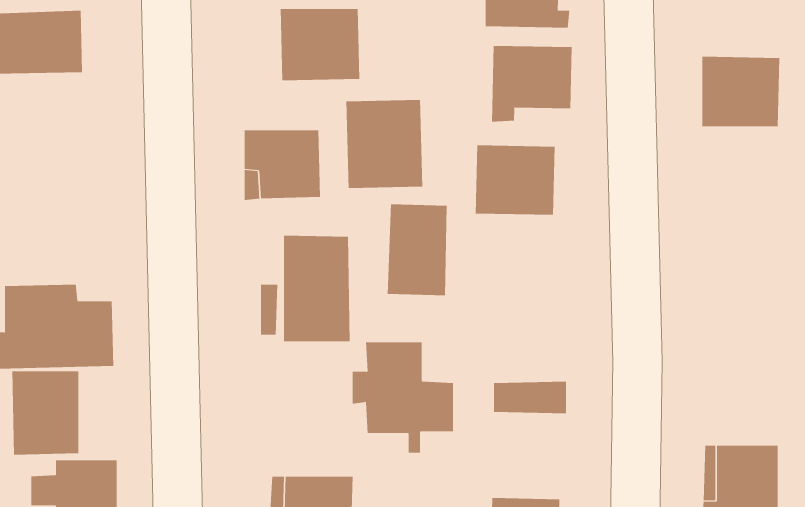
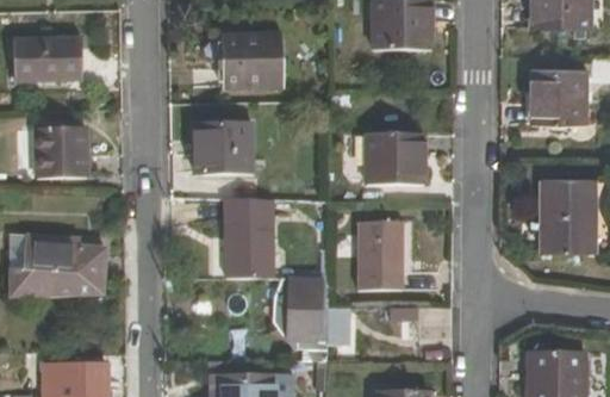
building: [492,45,572,122] -> none
building: [346,99,423,189] -> none
building: none -> [36,128,87,178]
building: [387,204,447,296] -> [359,222,403,289]
building: none -> [540,178,595,250]
building: [12,370,79,456] -> none

